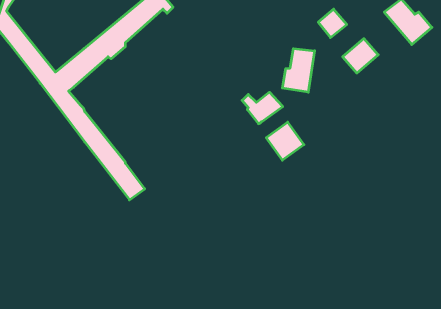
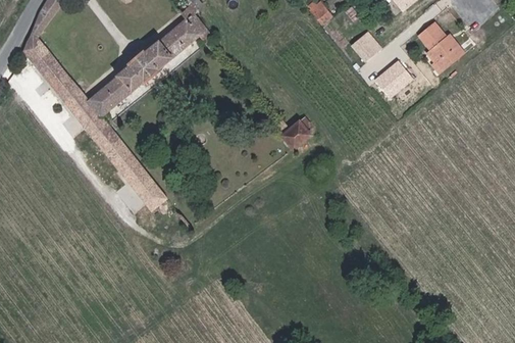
building: [282,49,315,92] -> none
building: [266,122,304,160] -> none

